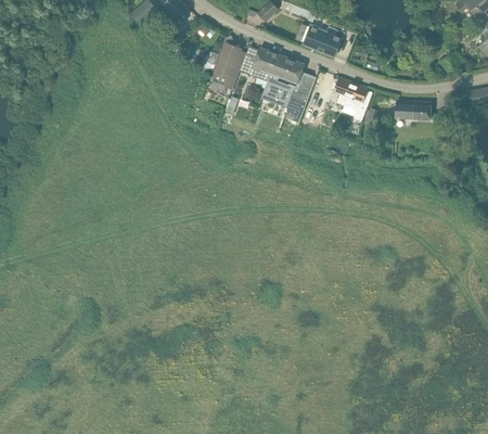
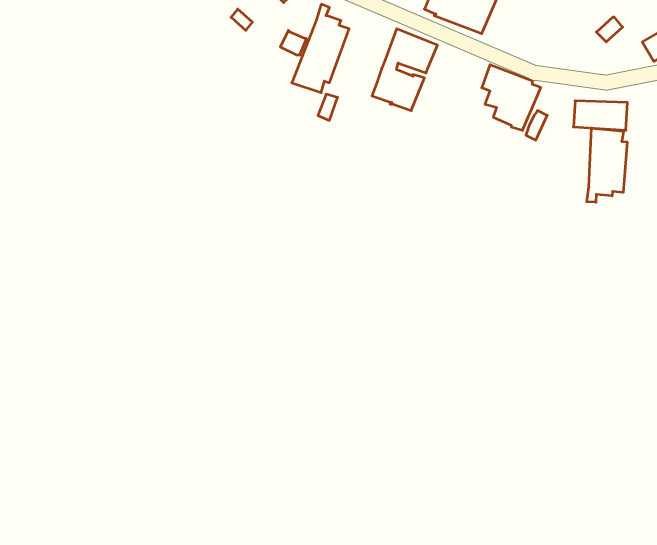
building: [240,47,278,82] -> none
building: [285,73,317,122] -> none
building: none -> [587,128,627,202]

